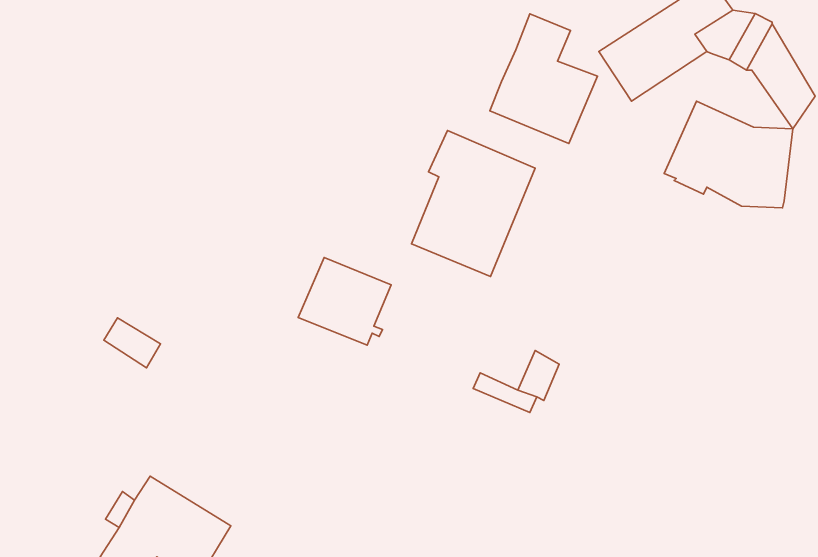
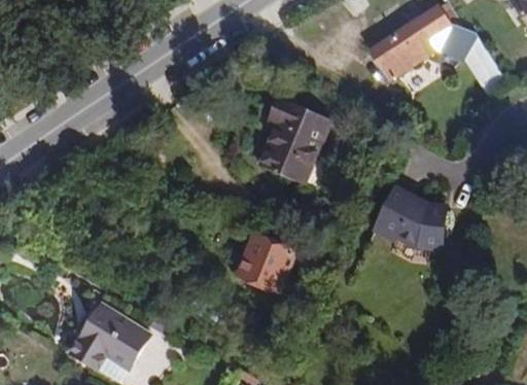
building: [490,14,597,144] -> none
building: [664,101,793,208] -> [365,189,443,253]
building: [298,257,391,345] -> [238,237,293,289]

